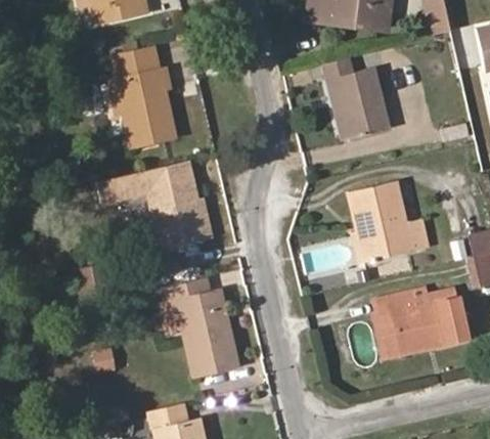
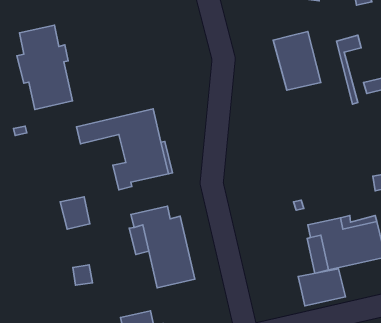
building: [109,45,176,146] -> [17,25,72,109]
building: [324,57,354,140] -> [336,35,361,104]
building: [349,181,429,262] -> none
building: none -> [298,269,345,306]

